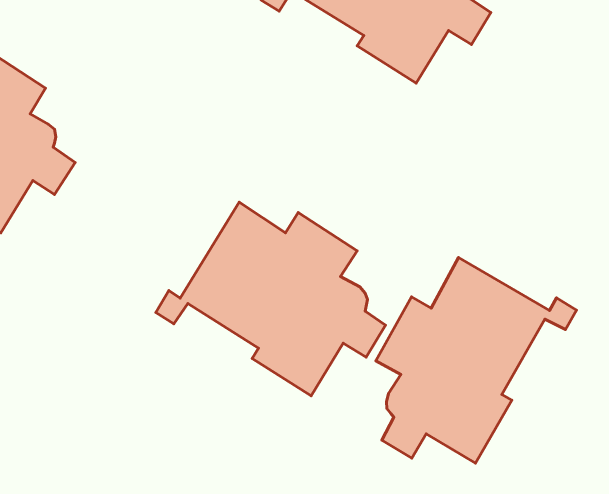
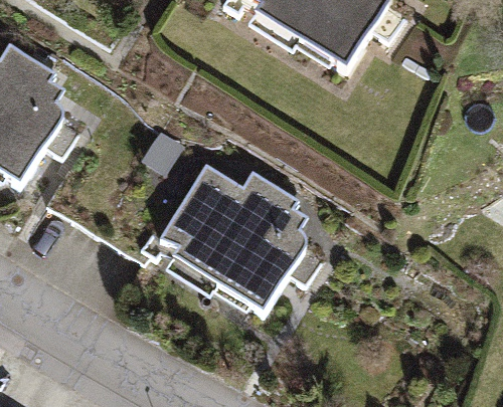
building: [376,257,577,463] -> none

